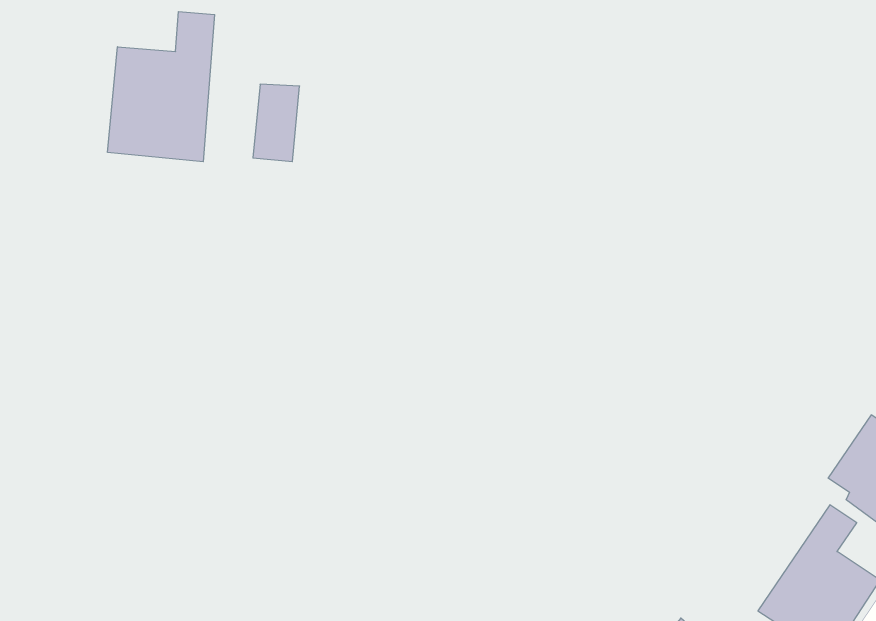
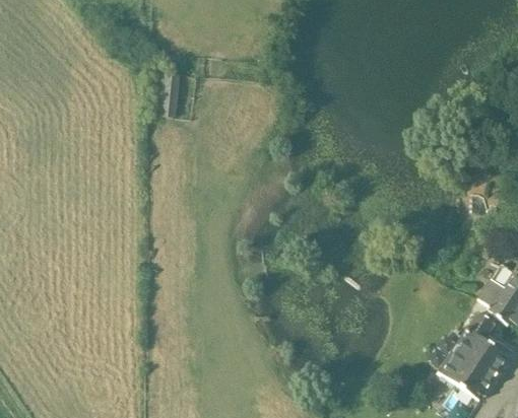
building: [108,12,215,162] -> none

